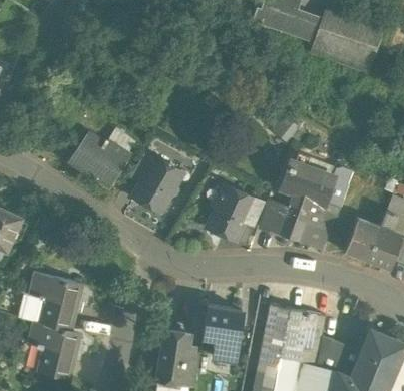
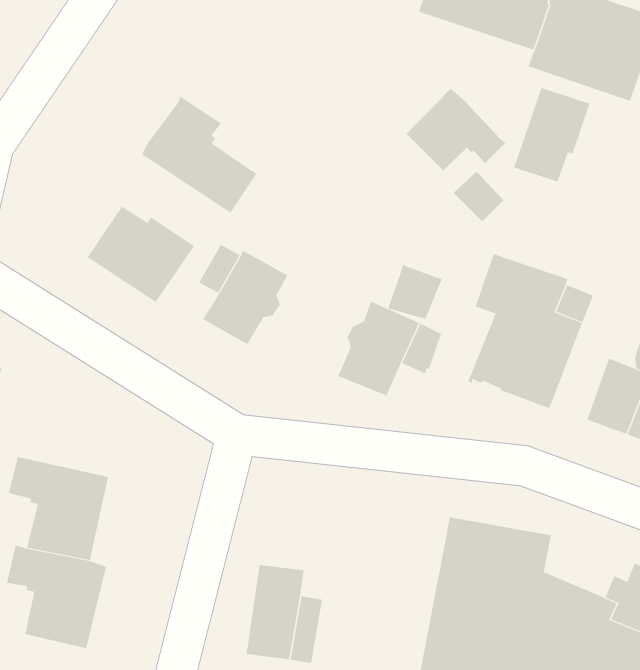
building: none -> [513,87,590,182]
building: none -> [406,88,506,171]
building: none -> [142,96,257,214]
building: [258,200,288,230] -> [387,265,442,319]
building: [203,306,242,359] -> none

